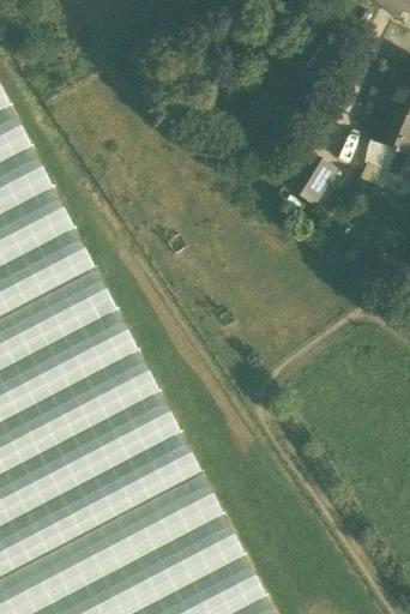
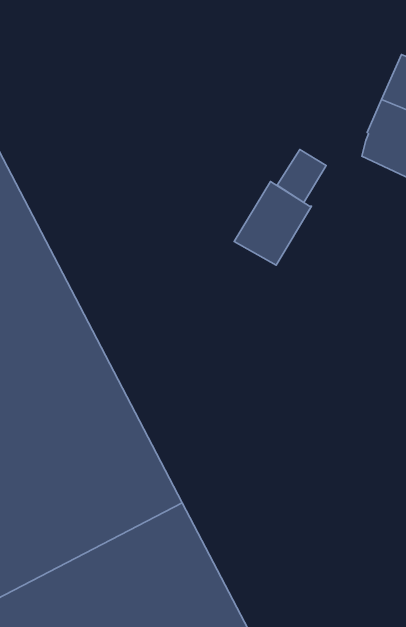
building: none -> [234,181,311,265]

